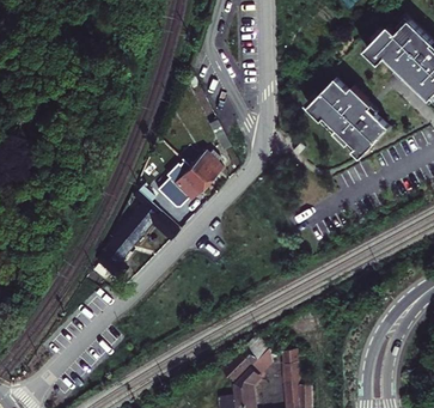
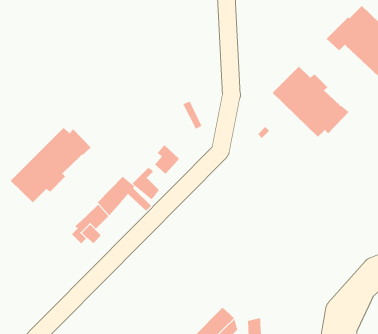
building: none -> [10,127,92,203]
building: [191,146,224,178] -> none

